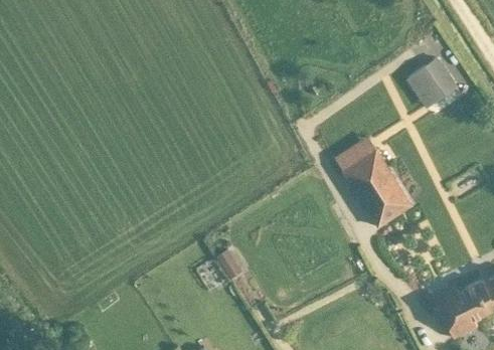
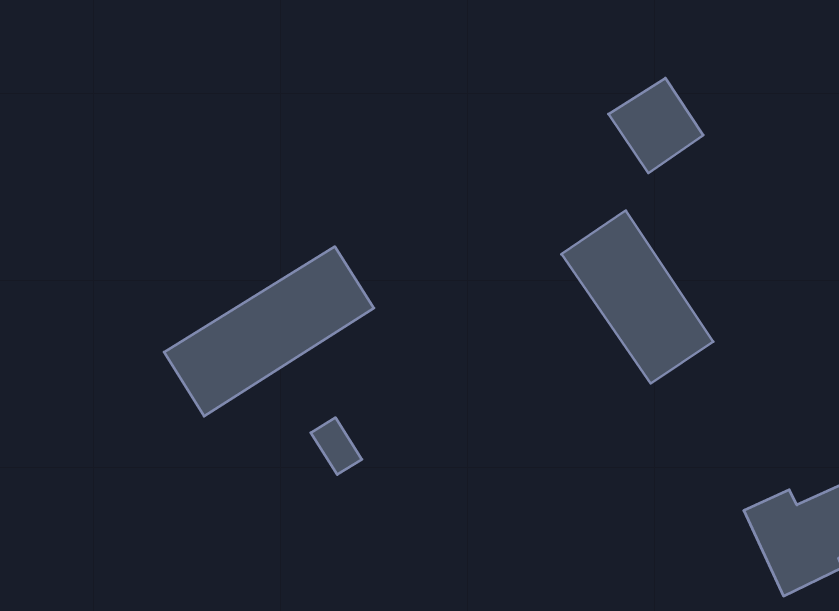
building: [407,58,458,109] -> [608,78,703,173]
building: none -> [164,247,374,416]

